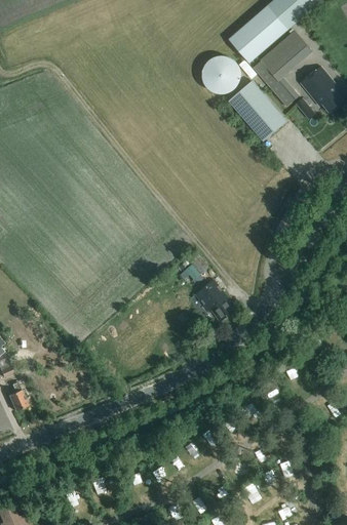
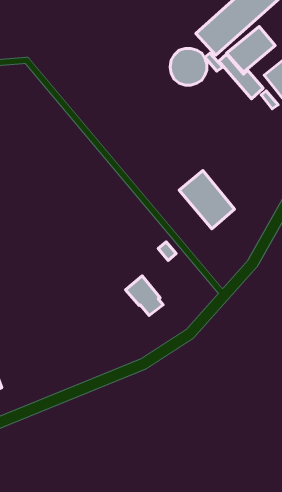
building: [228,81,285,142] -> [179,170,235,229]
building: [195,280,234,321] -> [125,276,163,316]

